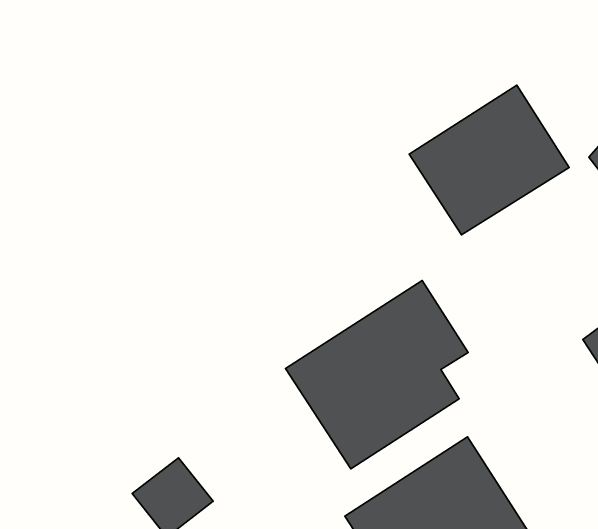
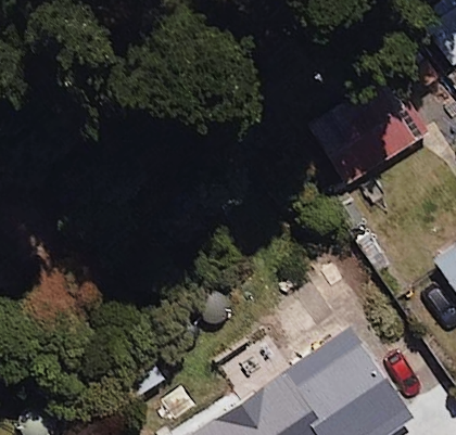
building: [286,280,468,469] -> none

